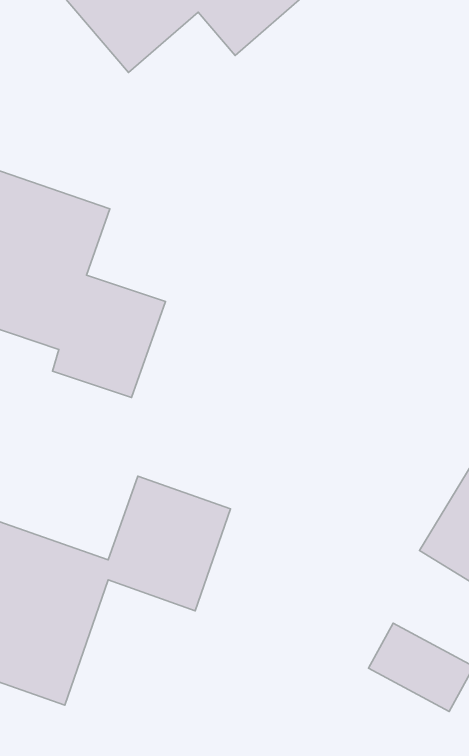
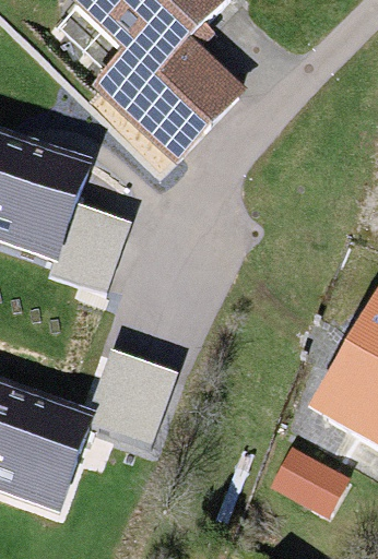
building: none -> [103,22,245,168]

